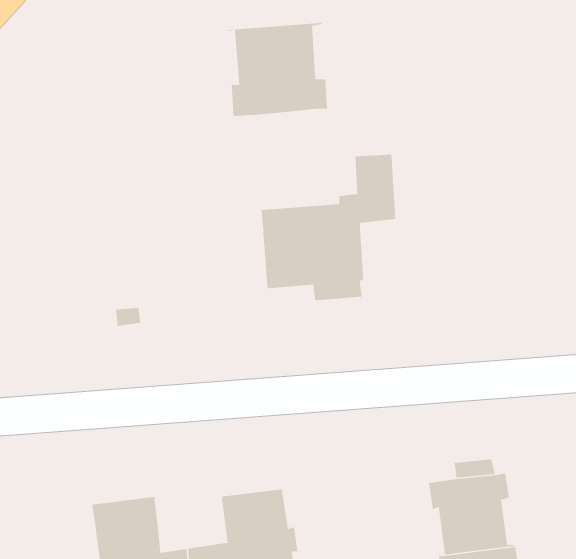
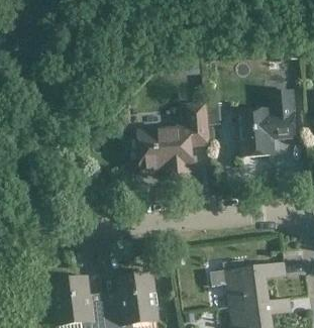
building: [227,22,328,117] -> none
building: none -> [235,91,295,157]

